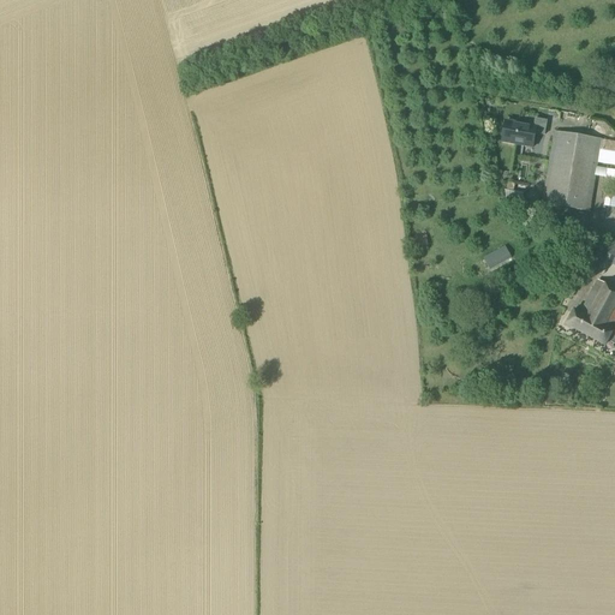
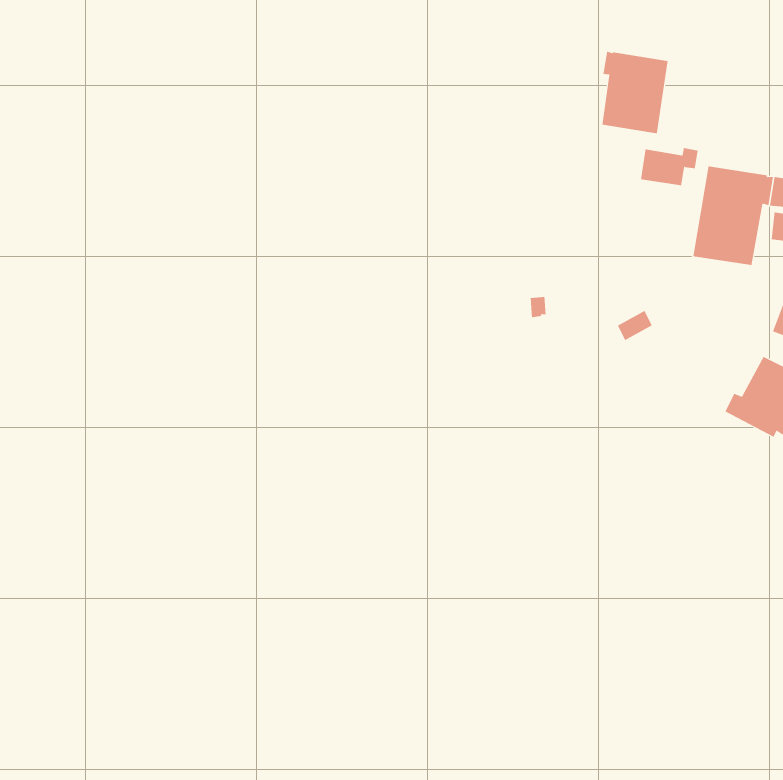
building: none -> [602,51,668,134]

